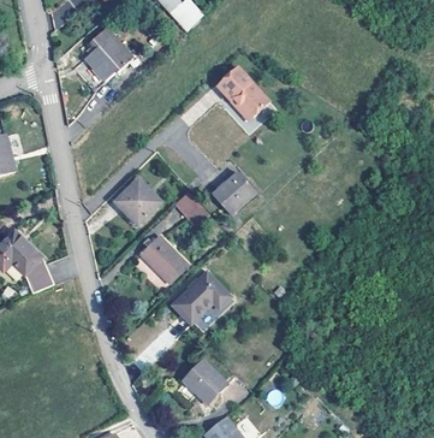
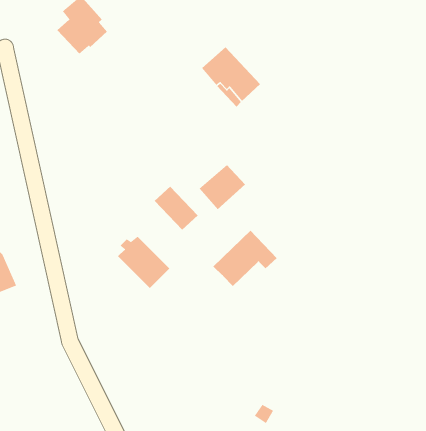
building: [115,184,161,229] -> none
building: [172,276,230,326] -> [213,230,278,287]
building: [180,361,224,404] -> none

